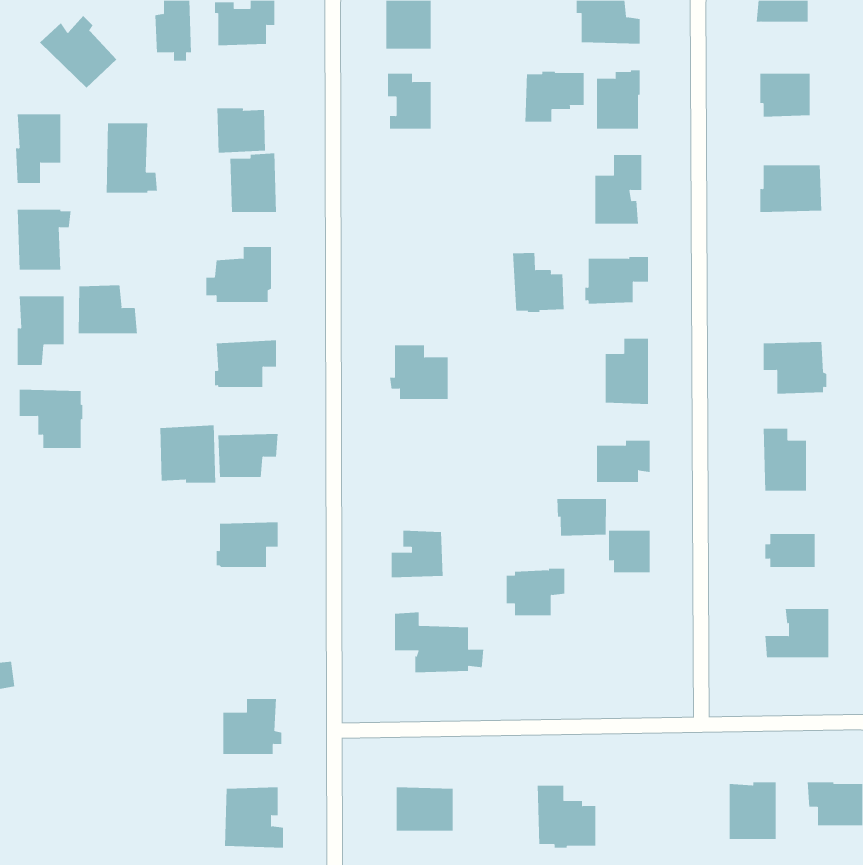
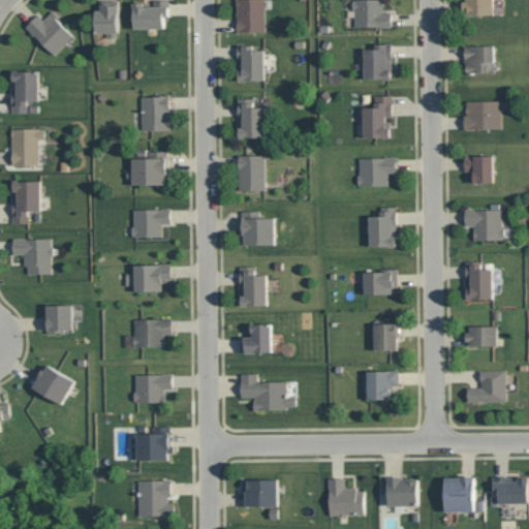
building: [525,71,584,123] -> none
building: [217,108,266,153] -> none
building: [106,123,158,193] -> none
building: none -> [236,99,263,138]
building: [512,252,564,313] -> none
building: none -> [237,156,263,191]
building: none -> [463,156,492,184]
building: [78,285,138,334] -> none
building: [160,425,216,484] -> none
building: none -> [237,268,266,307]
building: [557,498,607,537] -> none
building: none -> [42,306,71,335]
building: [506,568,565,616] -> [361,371,397,400]
building: none -> [30,366,73,406]
building: none -> [132,374,172,403]
building: none -> [380,478,416,507]

